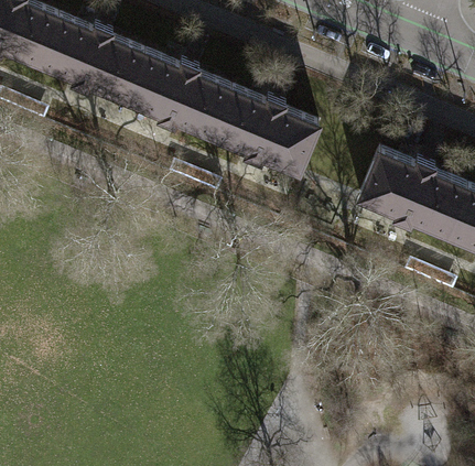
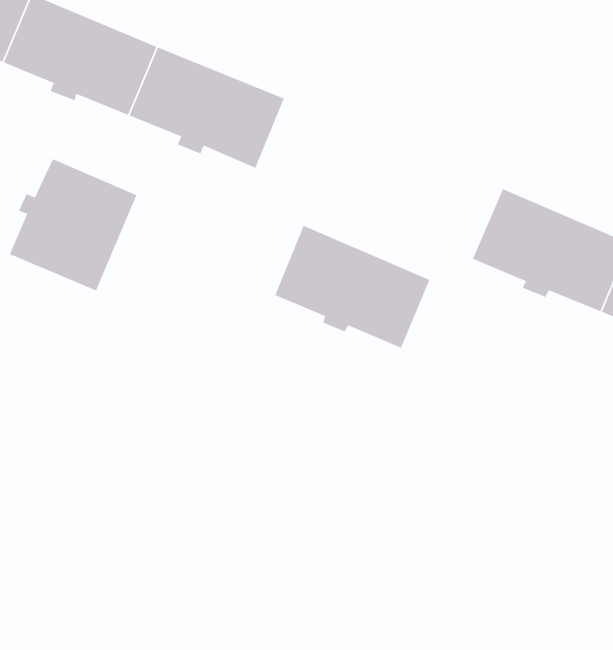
building: [210,86,317,171] -> [274,225,431,349]
building: none -> [9,158,138,292]

